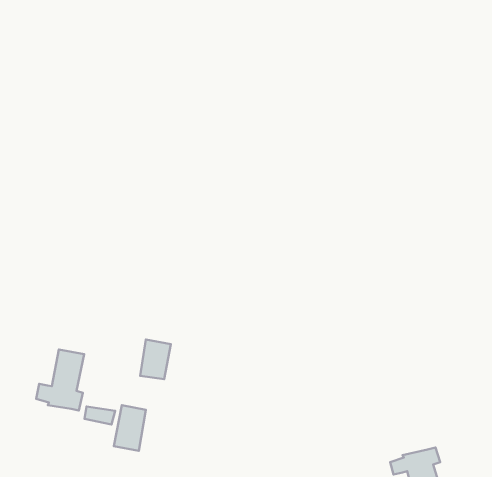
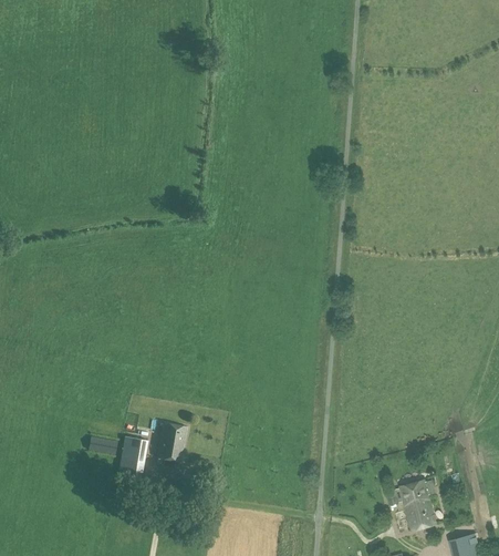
building: [140,340,171,379] -> [157,423,187,462]
building: [36,350,84,411] -> none

